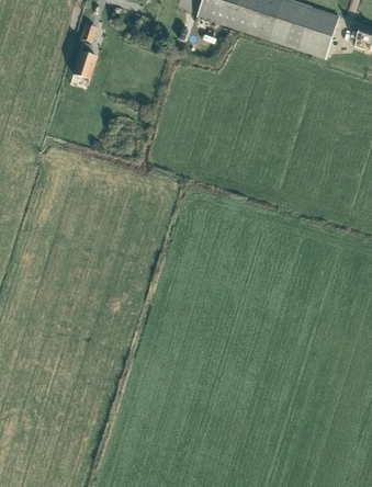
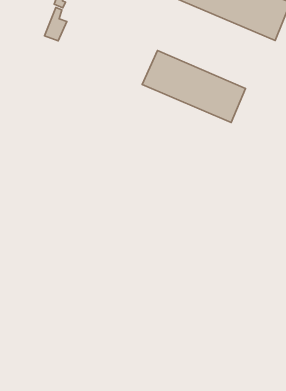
building: none -> [142,50,245,123]

